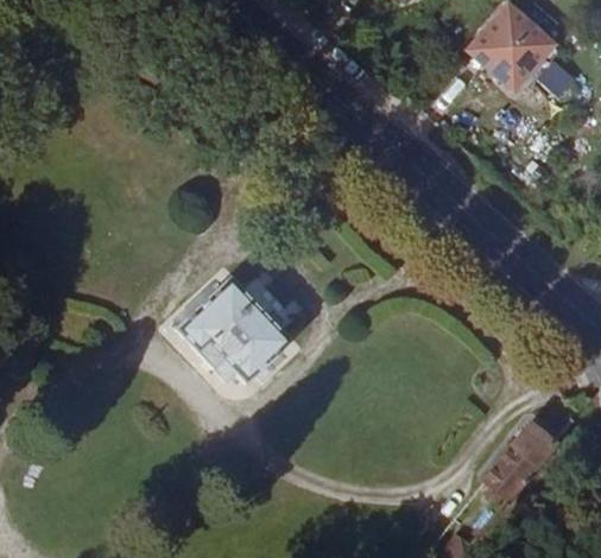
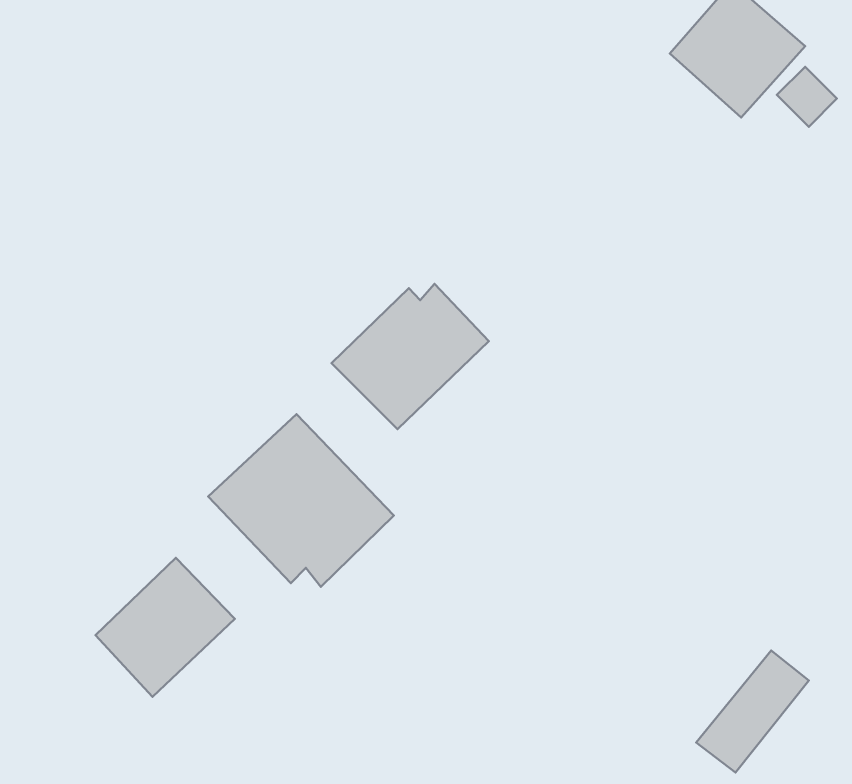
building: none -> [332,284,489,429]
building: none -> [96,558,235,697]

